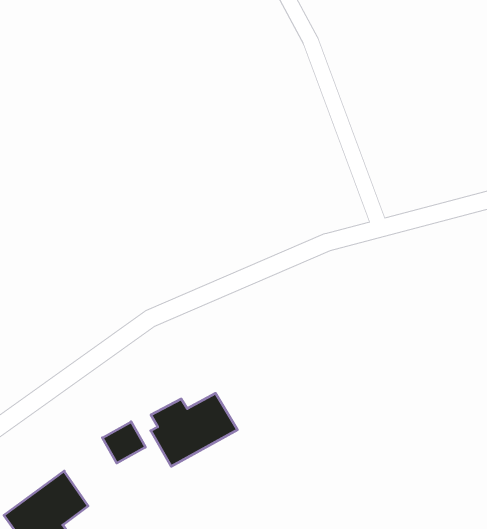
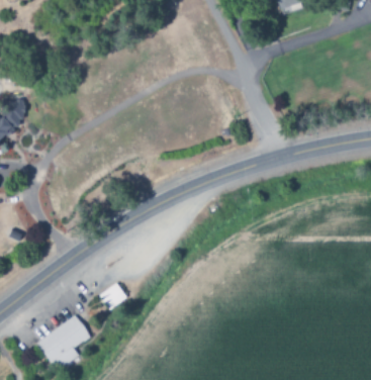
building: [151,393,237,466] -> none

